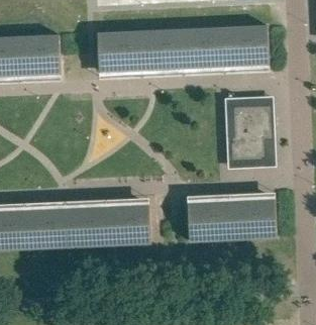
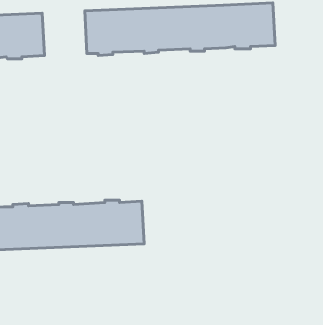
building: [227,104,272,160] -> none
building: [186,198,275,241] -> none

